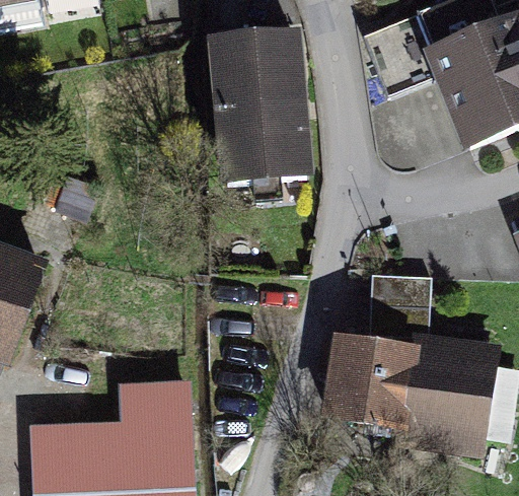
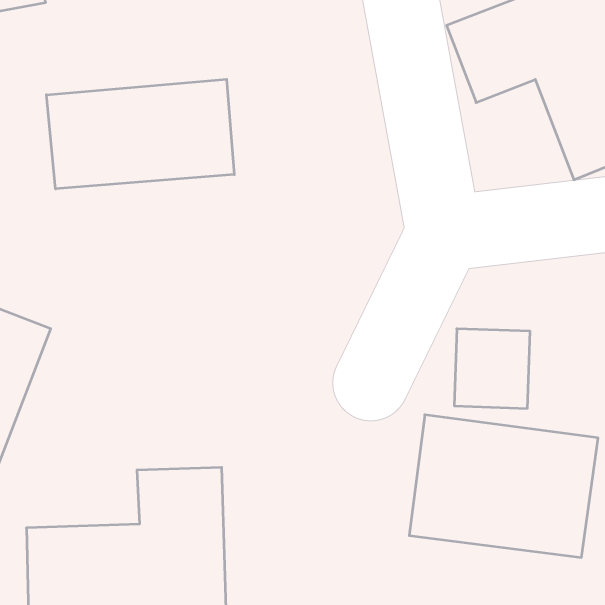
building: [211,32,309,183] -> none
building: none -> [46,79,234,189]

